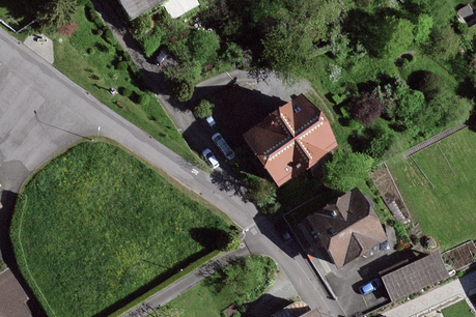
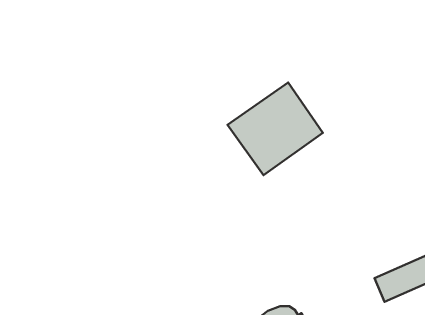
building: [312,192,384,264] -> none

